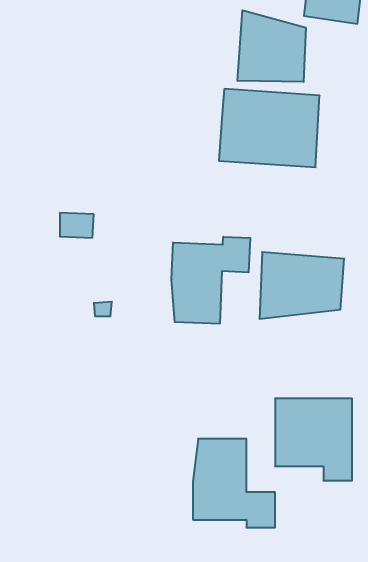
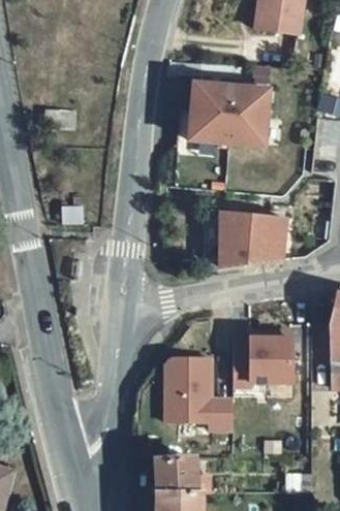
building: [238,10,306,82] -> none
building: [172,237,250,324] -> none

